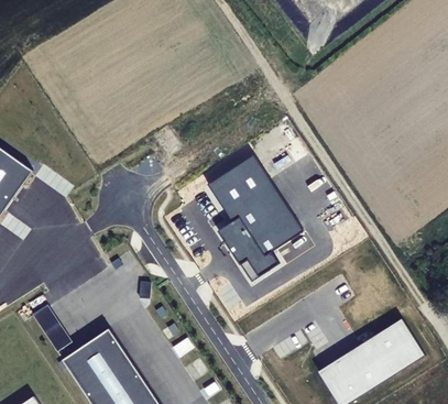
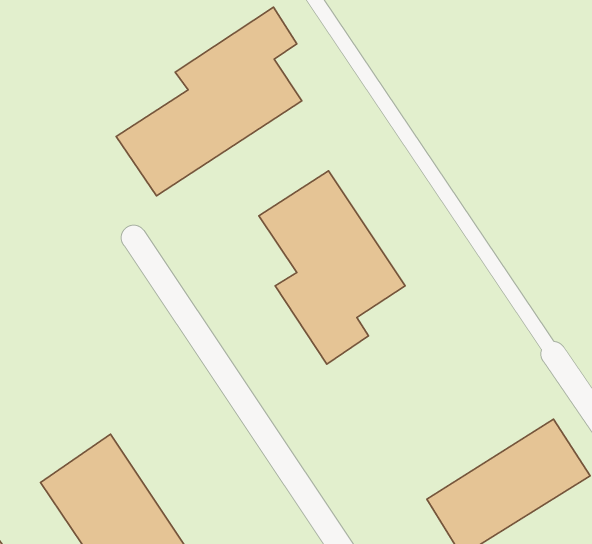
building: none -> [116,7,302,196]

